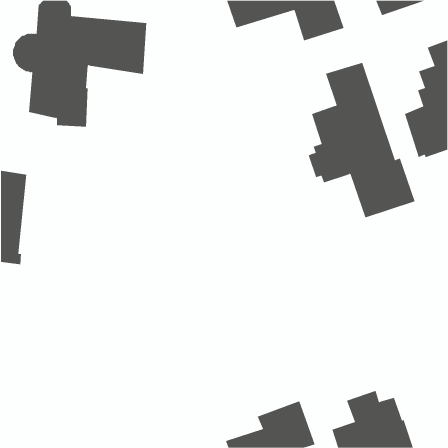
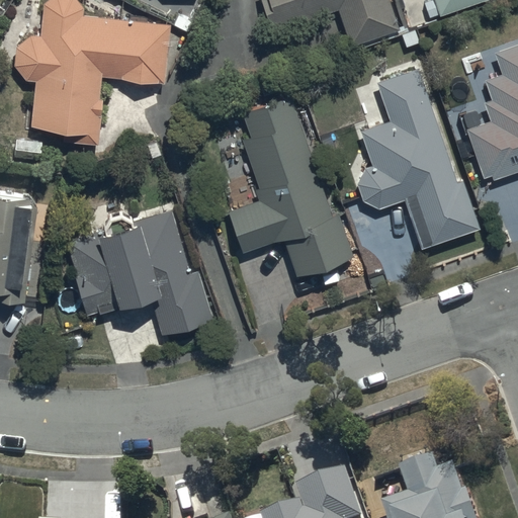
building: none -> [229,99,348,264]
building: none -> [68,211,212,325]

